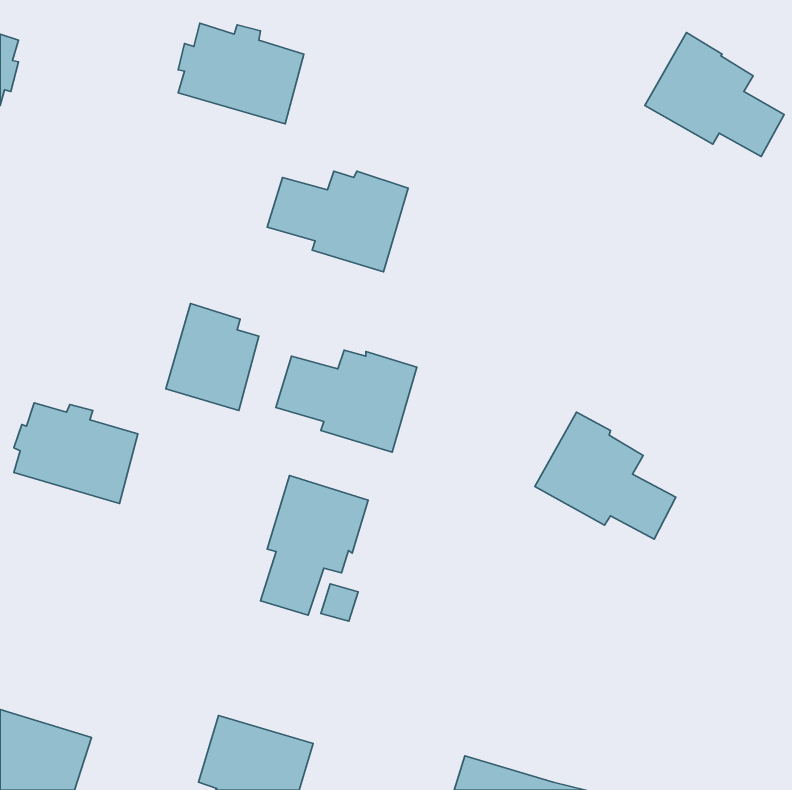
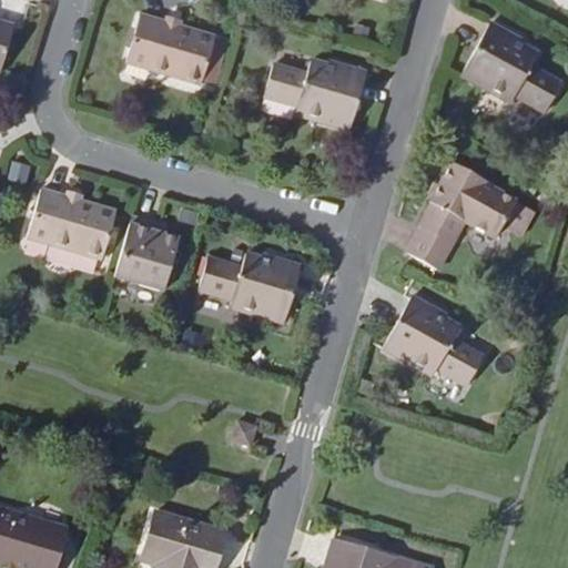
building: [267,171,408,272] -> [264,58,365,130]
building: none -> [408,163,514,271]
building: [14,403,138,504] -> [31,191,120,263]
building: [260,475,368,615] -> none

